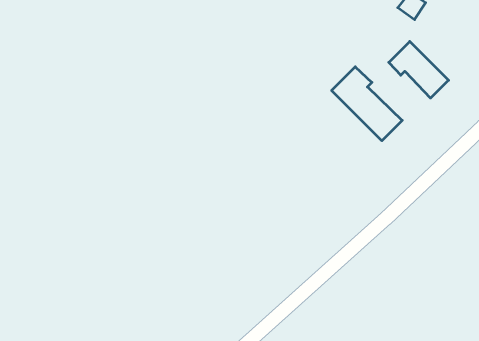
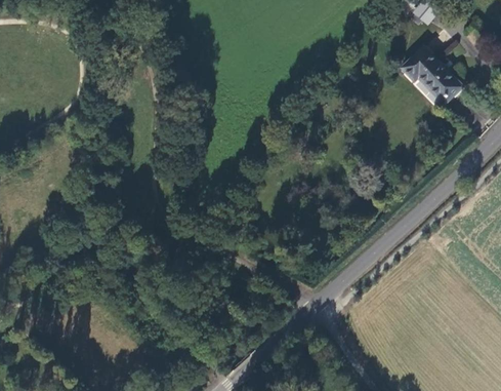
building: [332,67,402,141] -> none

